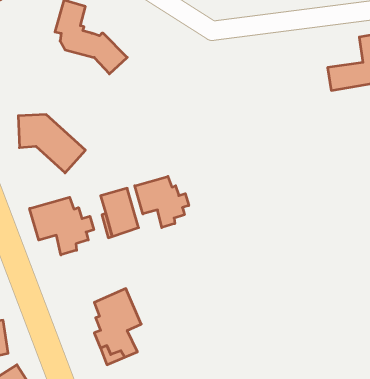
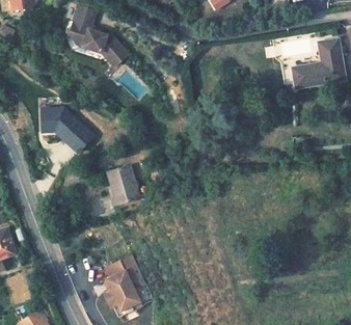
building: [135,176,189,228] -> none
building: [30,197,94,255] -> none

